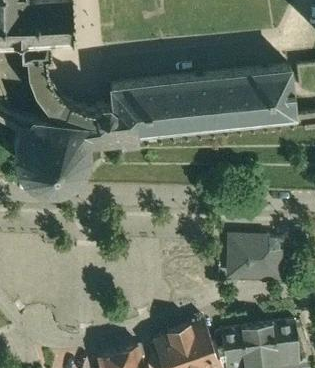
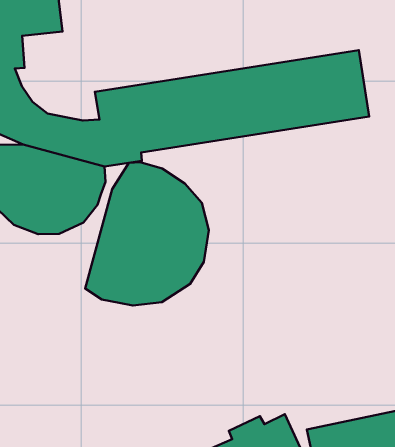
building: none -> [85,162,209,306]
building: [226,238,284,288] -> none

